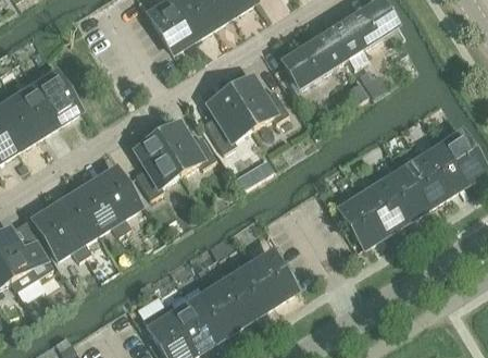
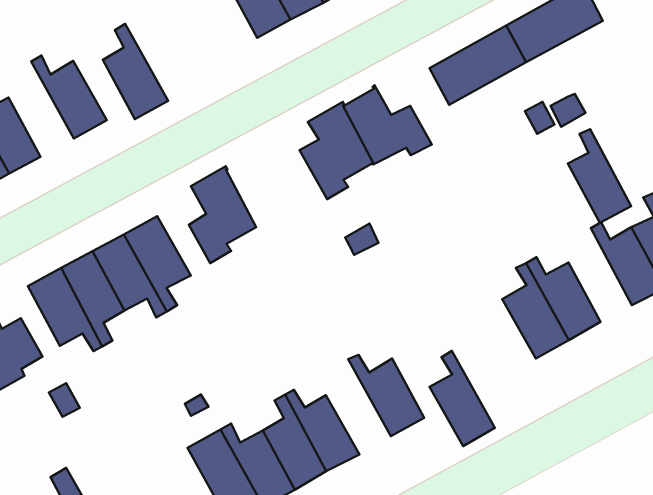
building: [15,74,59,135] -> [103,24,168,119]
building: [158,122,216,173] -> none
building: [381,160,424,220] -> [568,129,631,223]
building: [230,254,274,314] -> [429,351,495,446]

